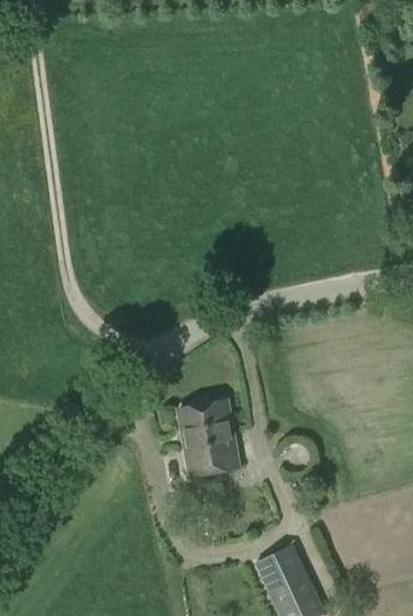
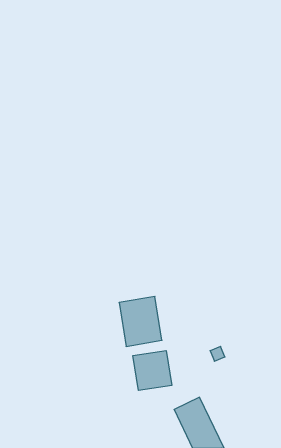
building: none -> [133,351,172,390]

